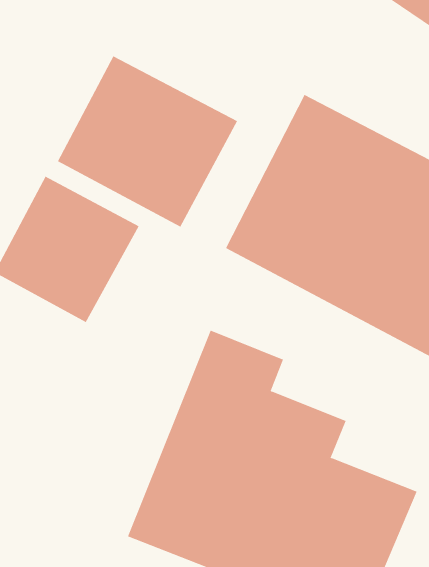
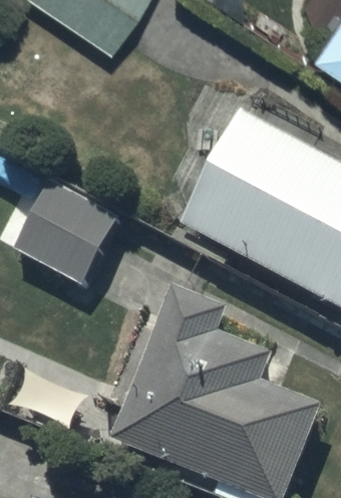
building: [57,56,238,228] -> none

